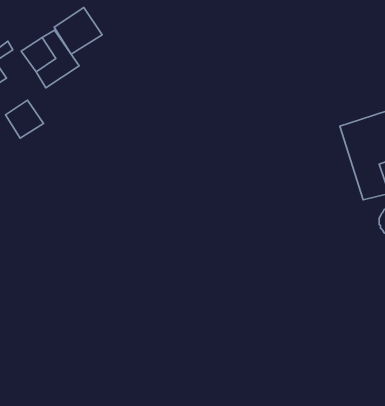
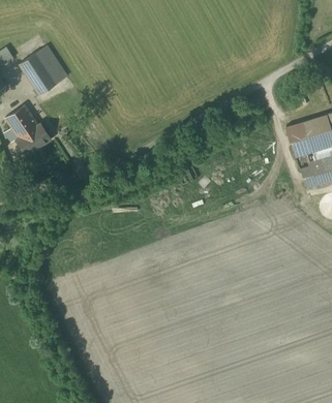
building: [54,8,102,54] -> none
building: none -> [17,122,52,155]

